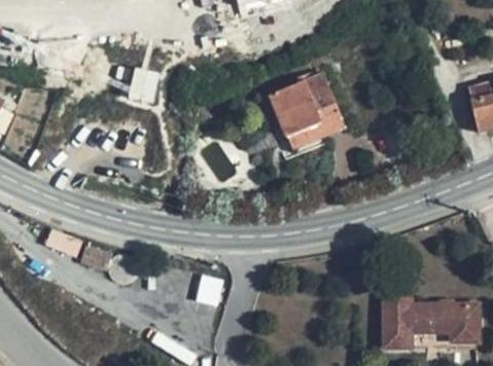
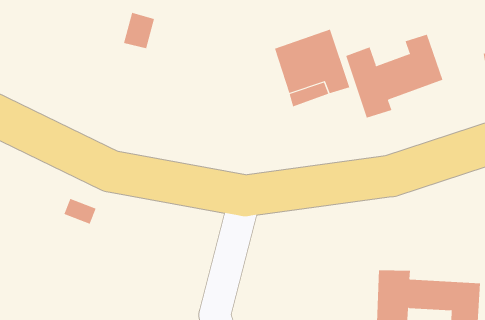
building: none -> [345,34,443,119]

